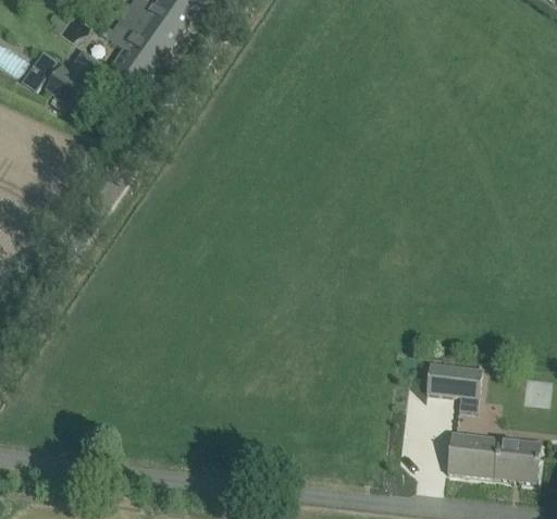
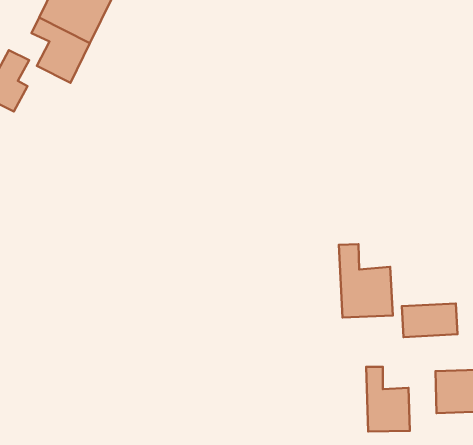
building: none -> [339,244,393,318]
building: none -> [366,367,410,431]

